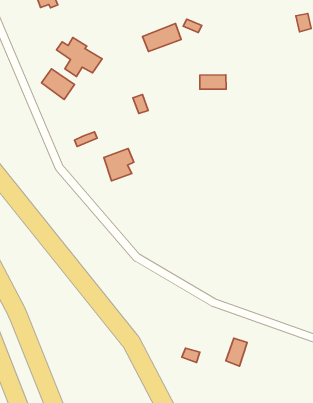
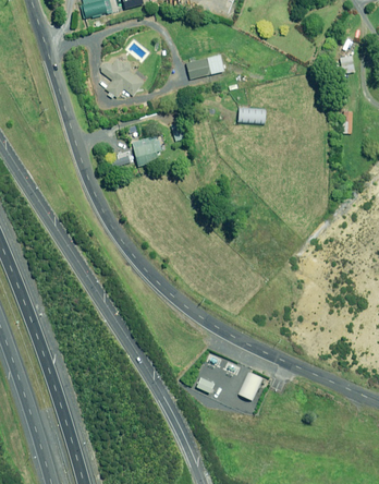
building: [42,69,75,99] -> none
building: [104,149,134,181] -> [132,134,161,165]

